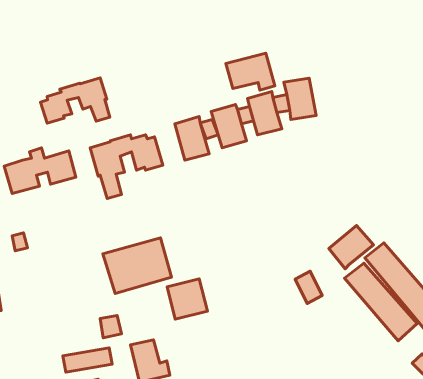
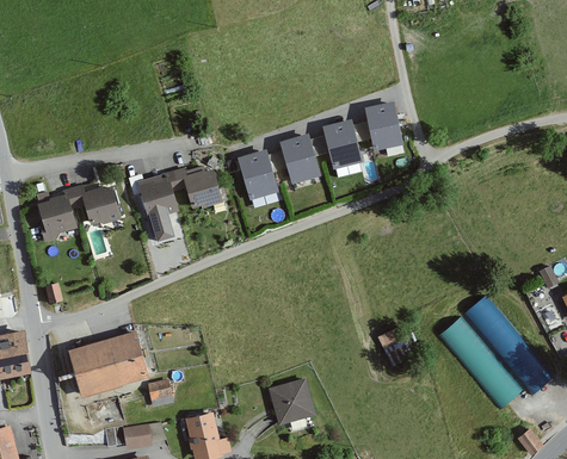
building: [226,53,275,90] -> none
building: [41,78,110,123] -> none
building: [329,225,373,269] -> none
building: [103,238,172,293] -> [67,333,148,398]
building: [167,279,207,319] -> [267,378,315,426]

